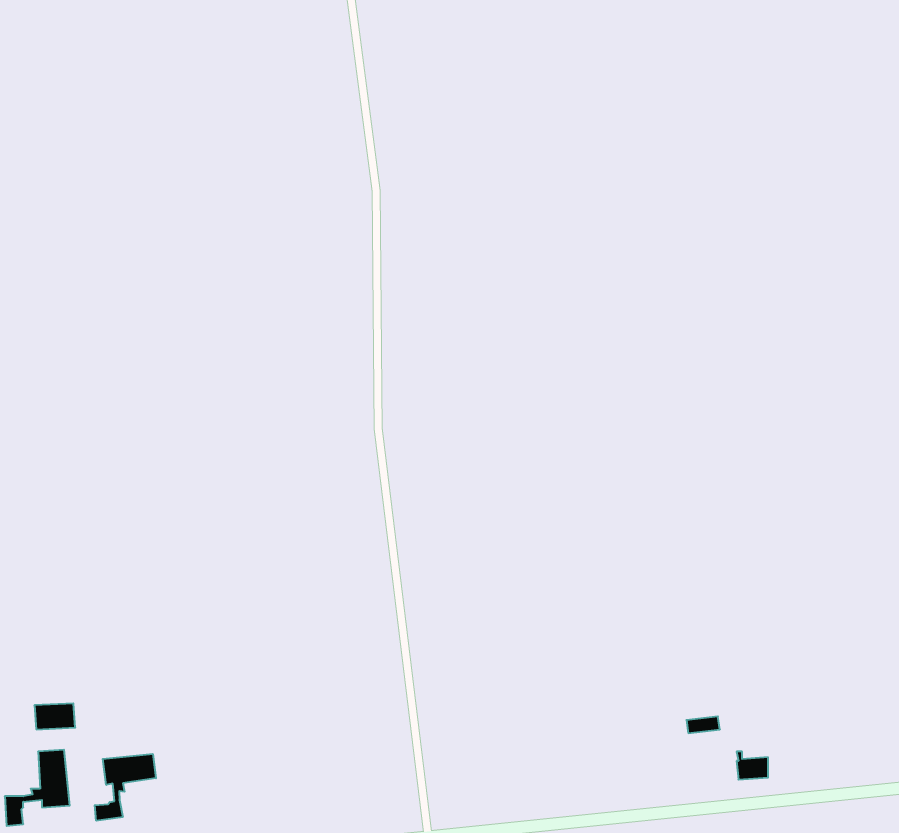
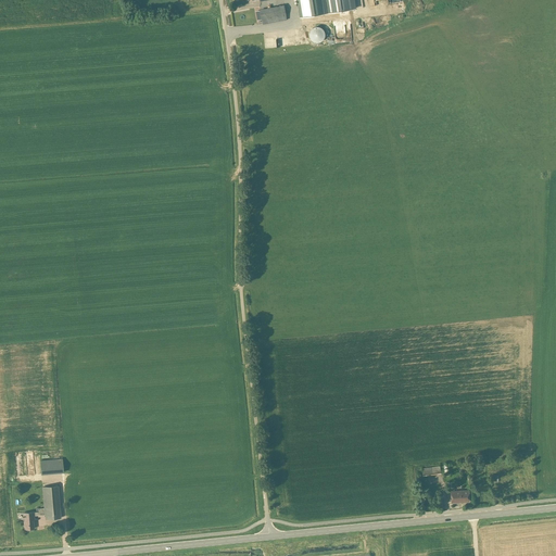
building: [95,754,156,821] -> none

